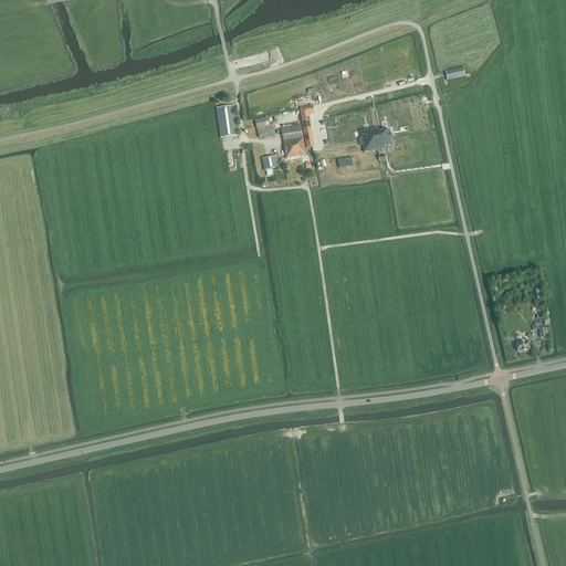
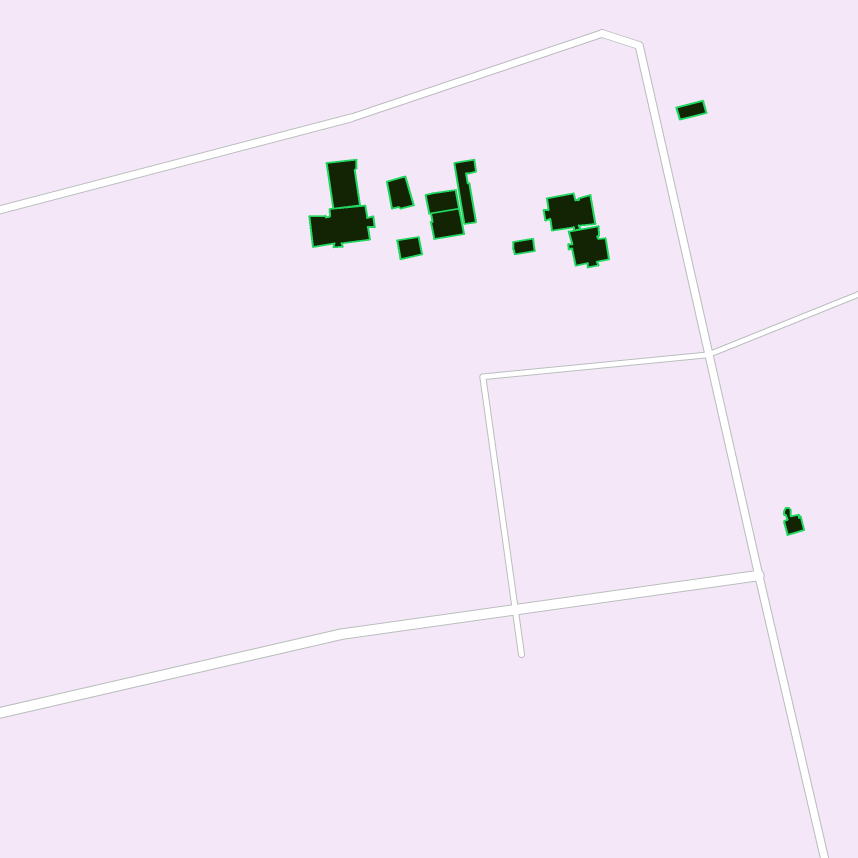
building: none -> [310,205,375,247]
building: none -> [568,226,609,268]

